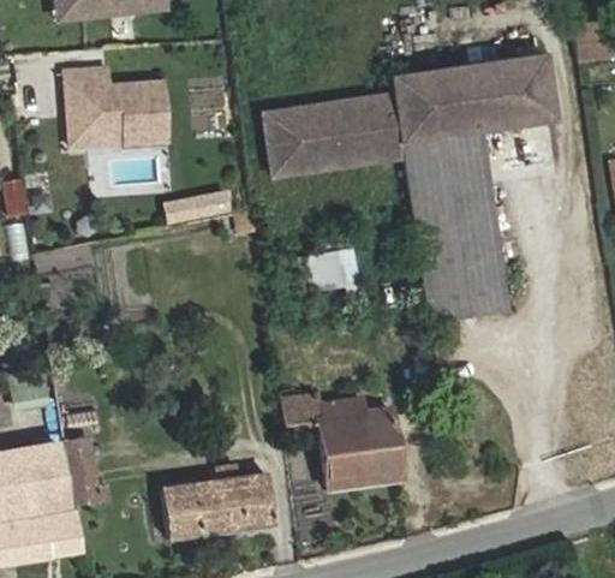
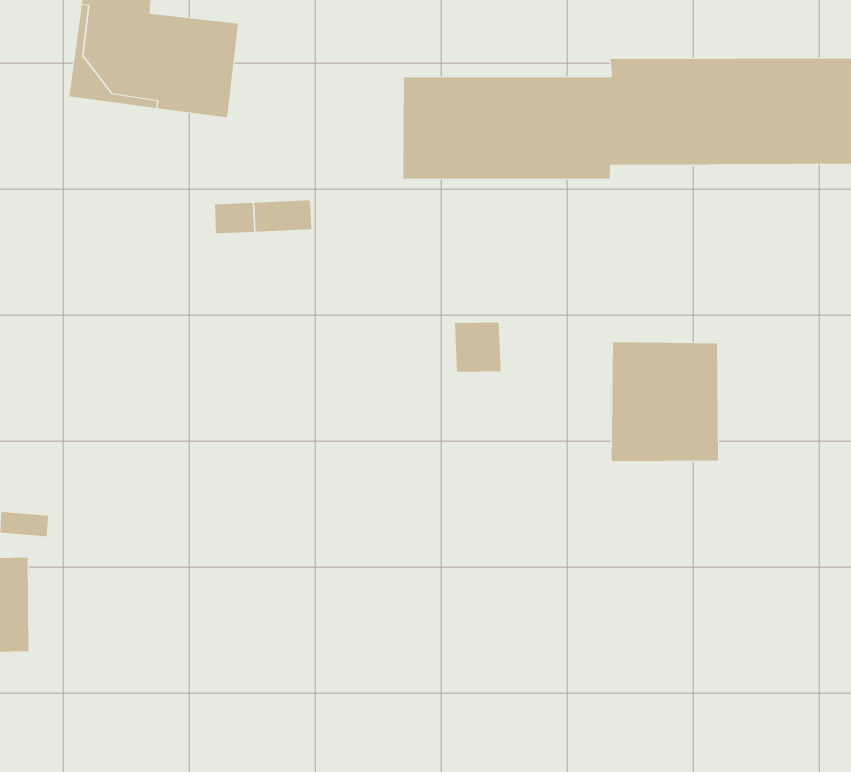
building: [406,130,489,249] -> none
building: [285,394,401,491] -> none
building: [161,472,275,540] -> none

